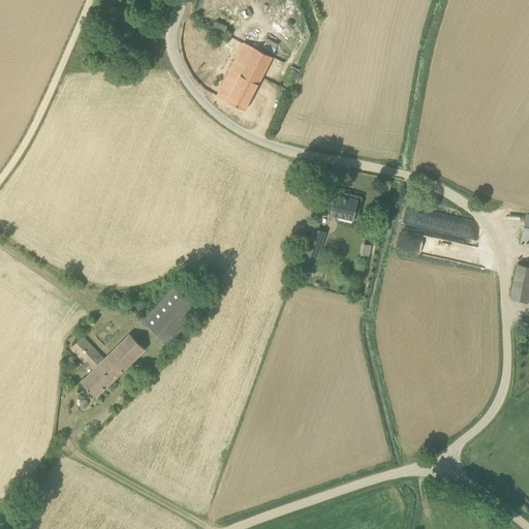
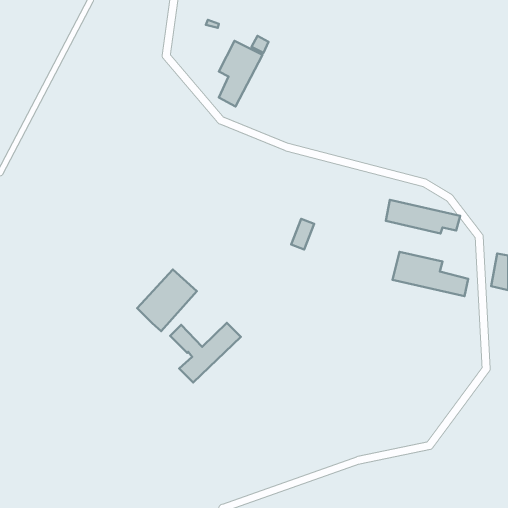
building: [331,195,359,220] -> none
building: none -> [393,252,468,296]
building: [71,335,145,397] -> [170,323,241,383]

